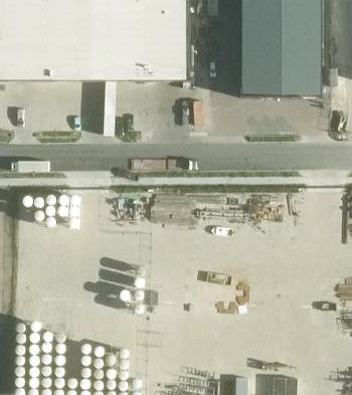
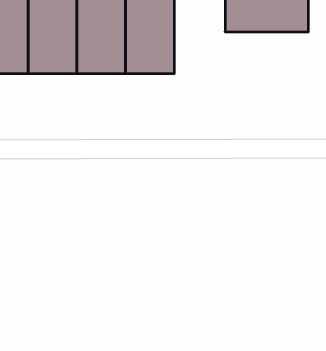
building: [239,38,322,96] -> none

